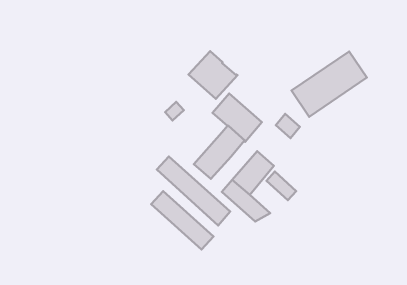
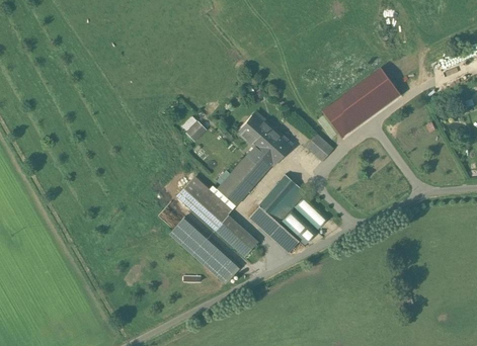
building: [189,51,237,99] -> none

